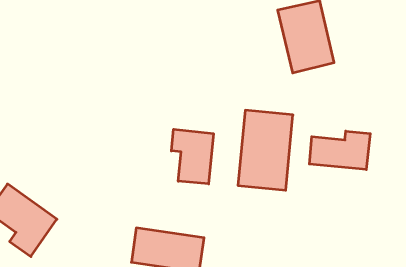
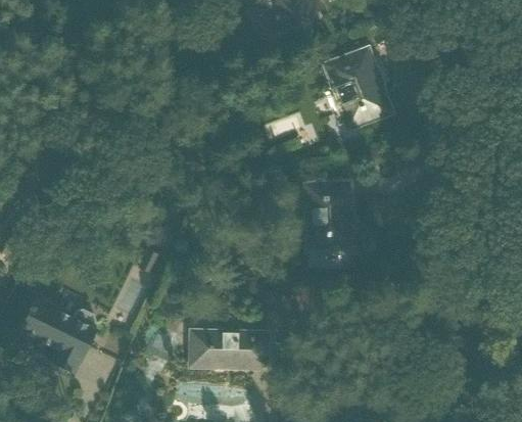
building: [171,129,213,184] -> none
building: [309,131,370,170] -> none

